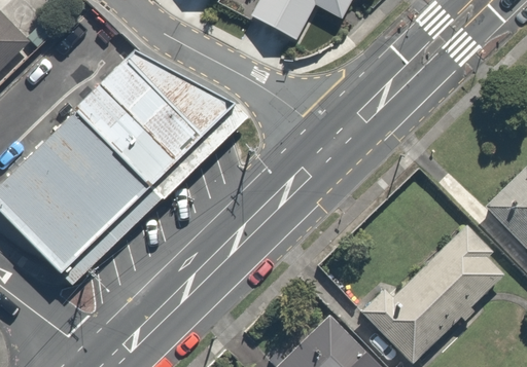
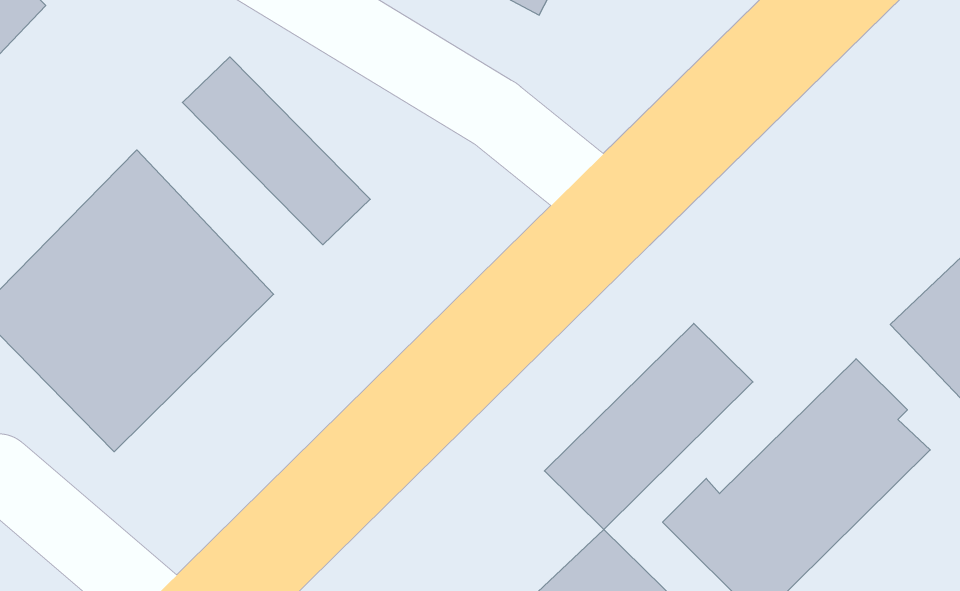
building: [126,52,234,138] -> none
building: [75,85,176,189] -> none
building: none -> [544,323,753,530]

